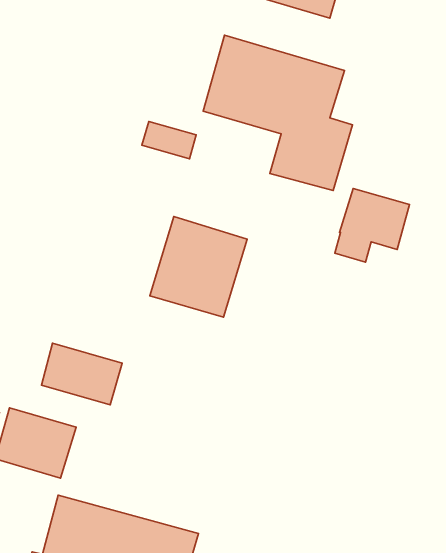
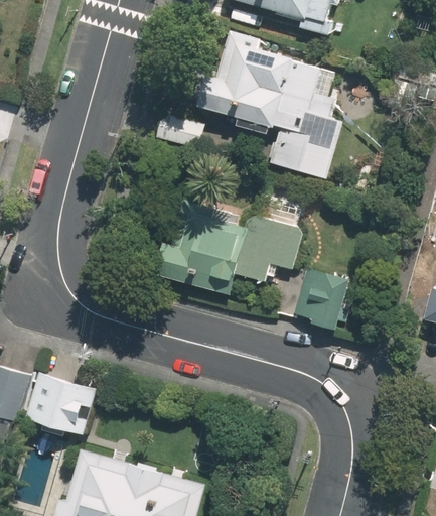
building: [335,188,410,262] -> [236,216,302,281]
building: none -> [293,269,347,325]
building: [41,343,122,405] -> none

